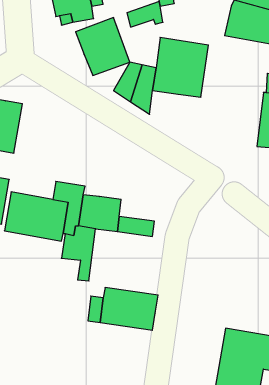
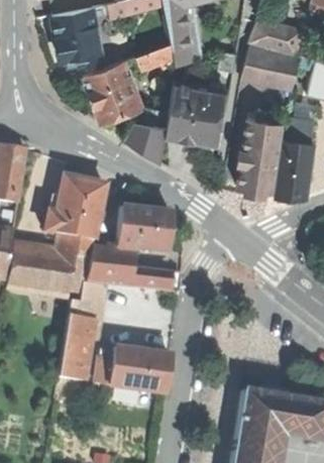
building: none -> [239,117,282,191]
building: none -> [44,177,104,238]
building: none -> [116,206,172,256]
building: none -> [61,315,89,379]

